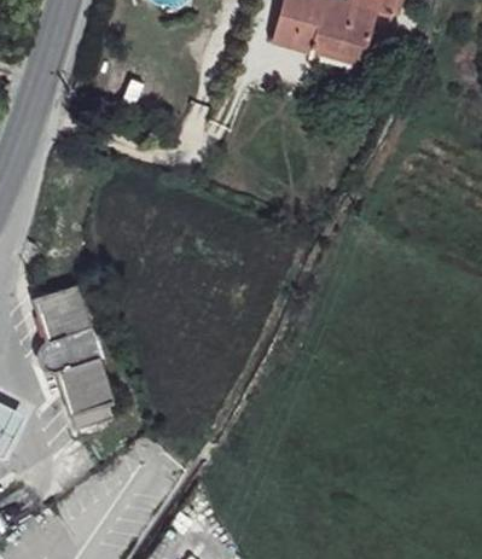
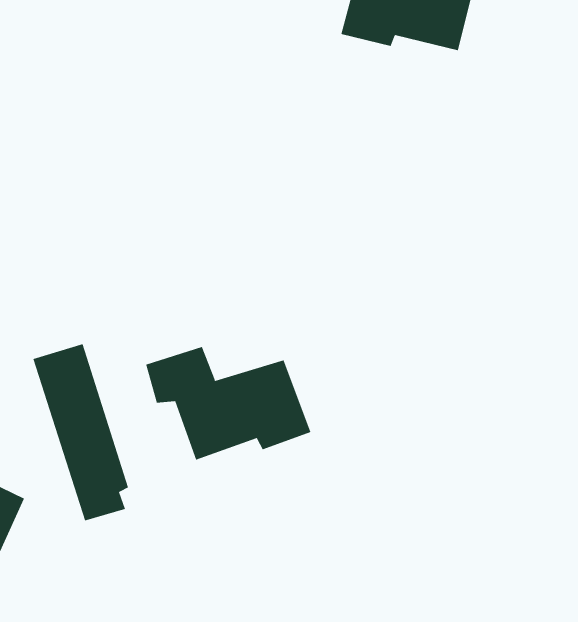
building: none -> [146,346,311,461]

